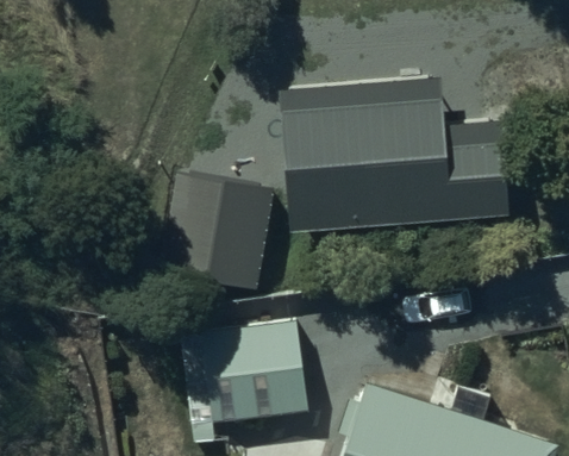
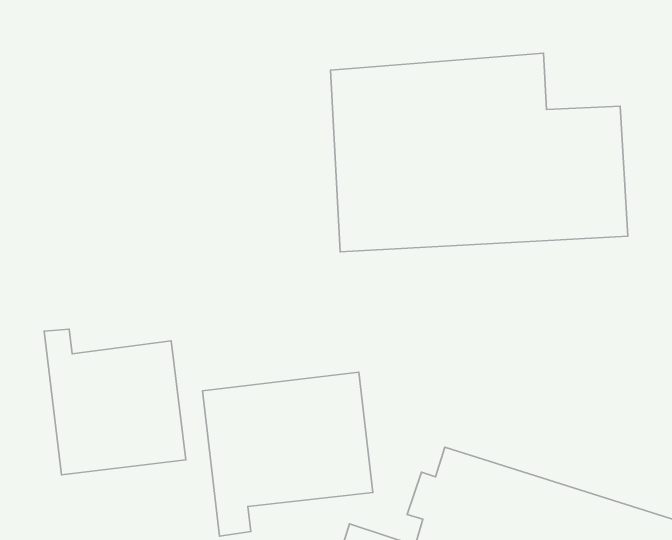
building: [157,171,274,289] -> none
building: none -> [44,329,186,475]

